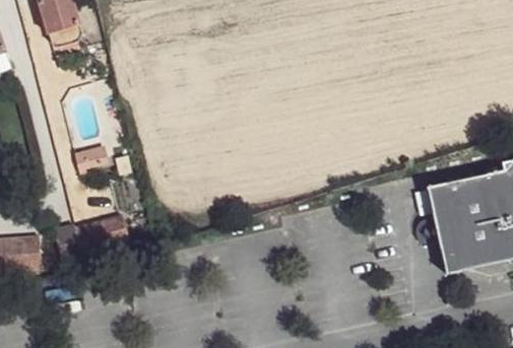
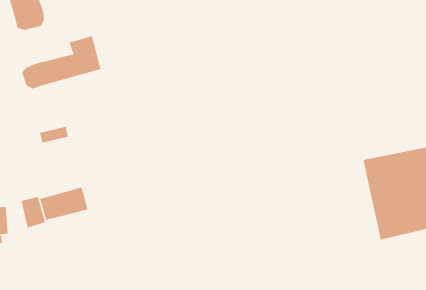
building: none -> [21,35,102,89]

